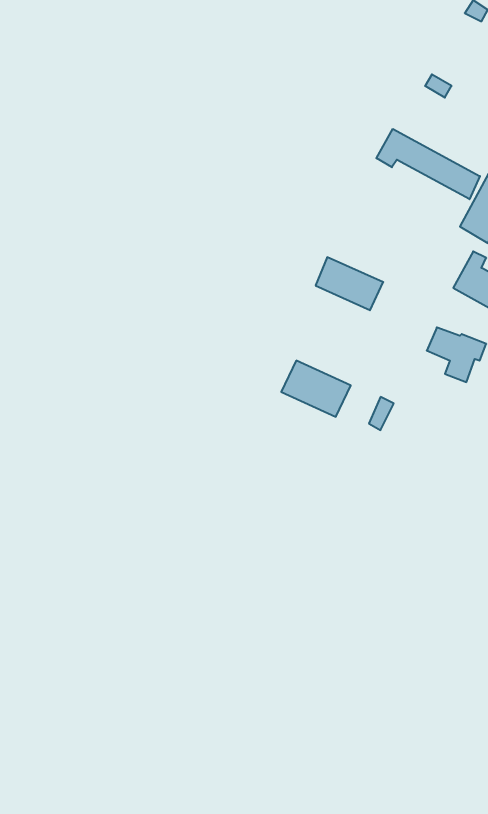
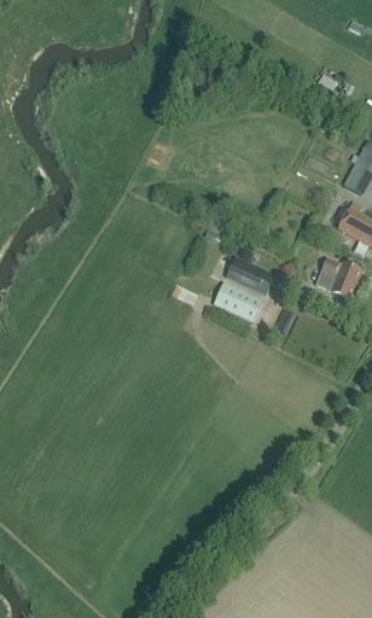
building: [376,129,480,199] -> none
building: [316,257,383,310] -> [226,255,275,293]

